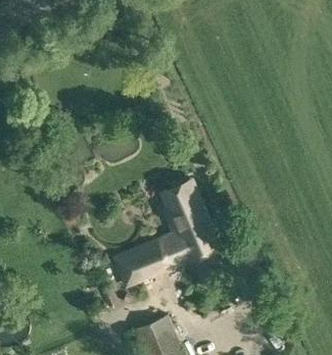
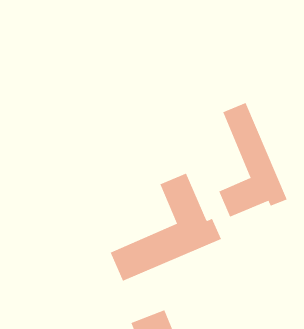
building: none -> [219,102,287,218]

